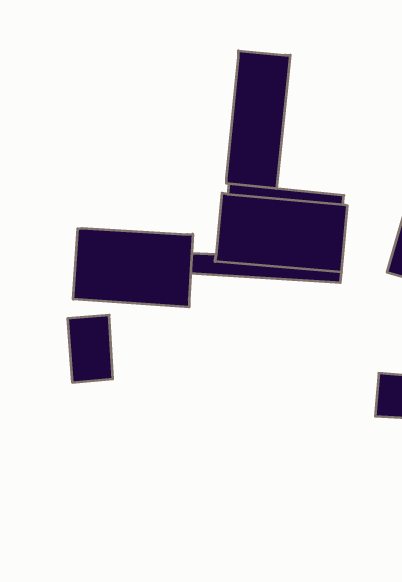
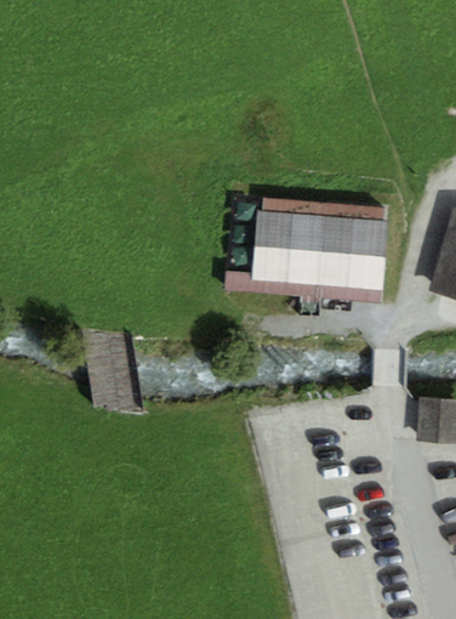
building: [226,51,290,189] -> none
building: [73,228,193,307] -> none

